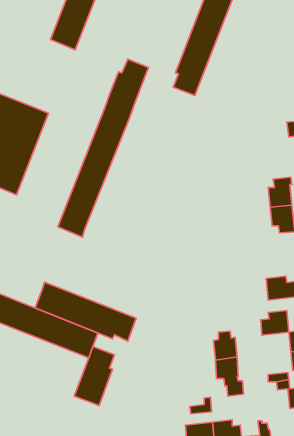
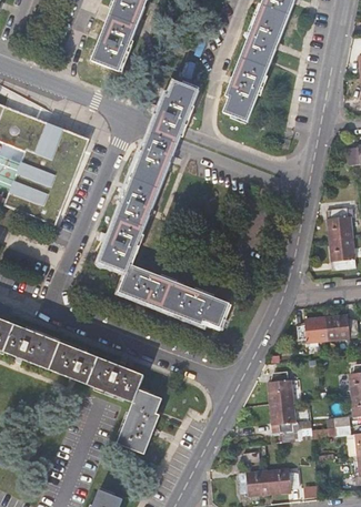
building: [35,282,136,341] -> [119,264,228,327]
building: [261,310,289,335] -> [297,316,327,343]

